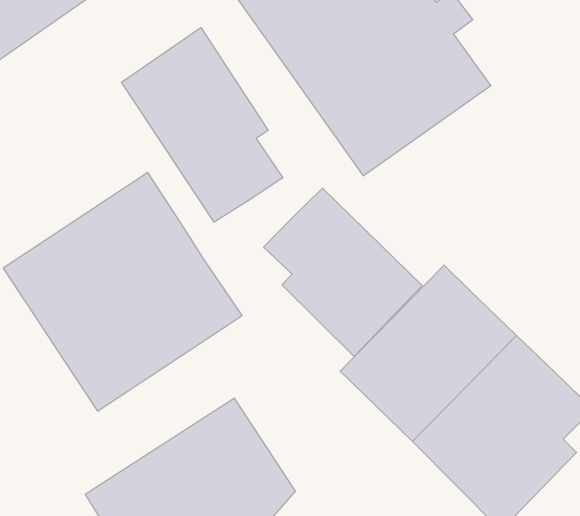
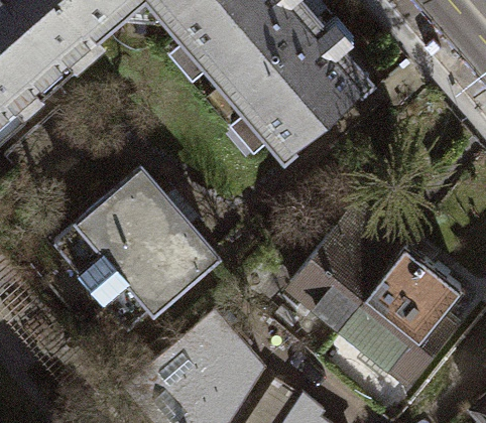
building: [121,28,283,222] -> none
building: [264,188,422,357] -> none

